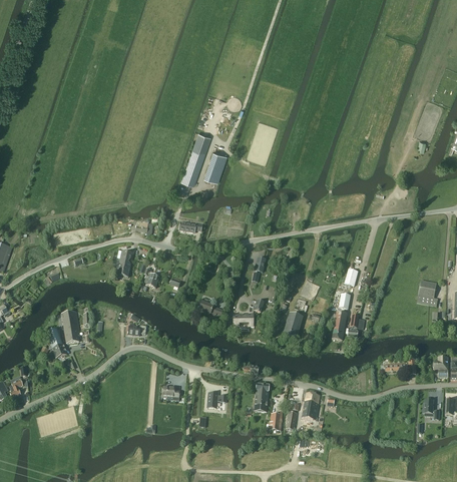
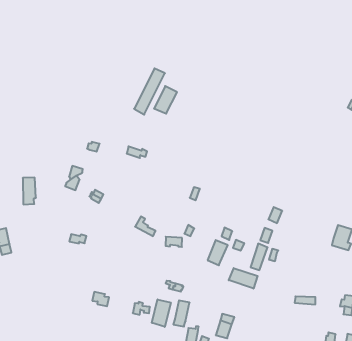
building: [62,312,79,343] -> [23,178,36,204]
building: none -> [229,268,258,289]
building: none -> [152,299,171,327]

